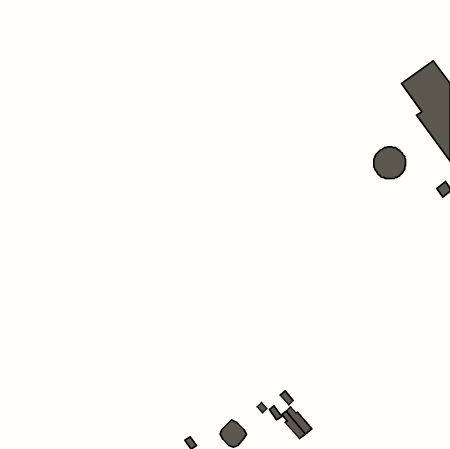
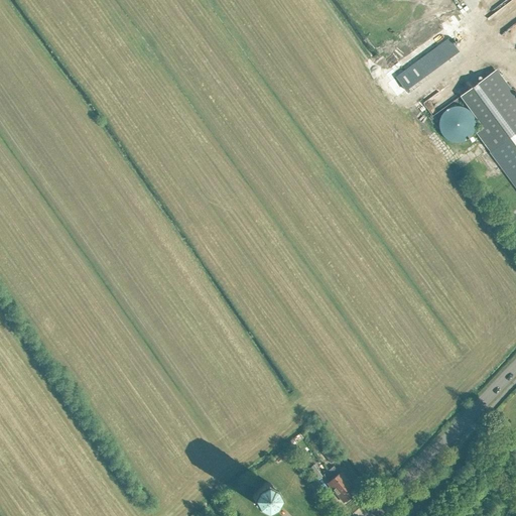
building: none -> [395,38,460,92]
building: [374,147,406,178] -> [438,107,475,143]

